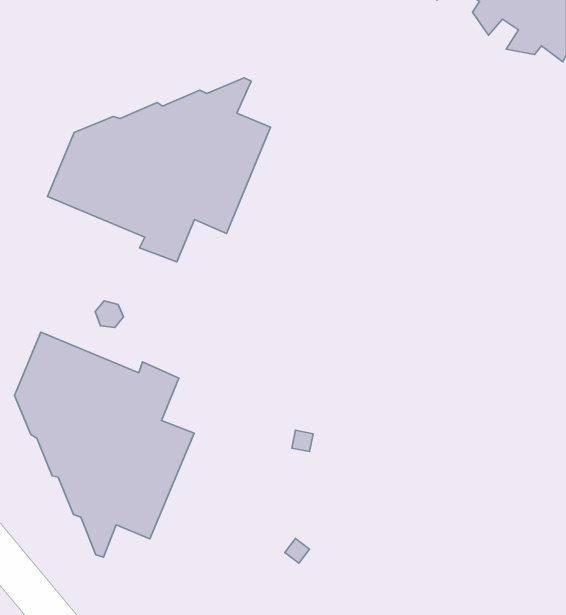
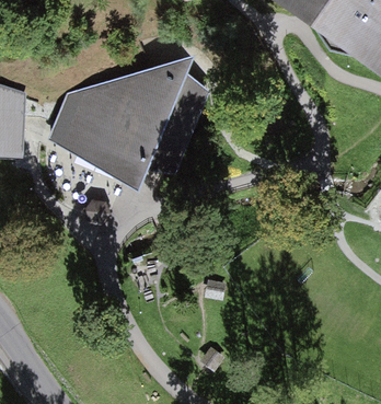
building: [14,332,194,557] -> none

